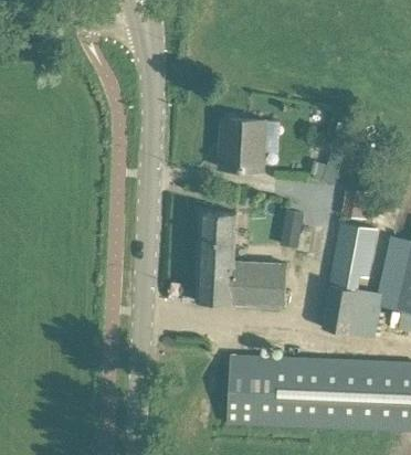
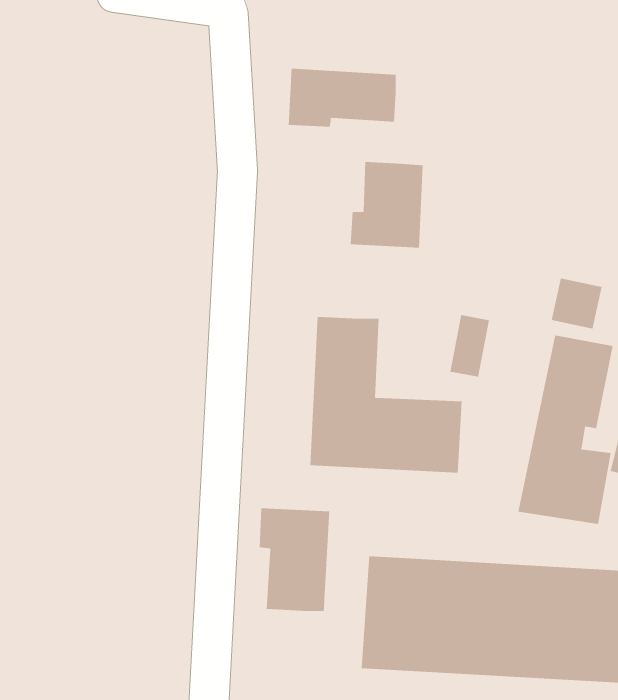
building: none -> [288,68,396,128]
building: none -> [259,508,330,612]

